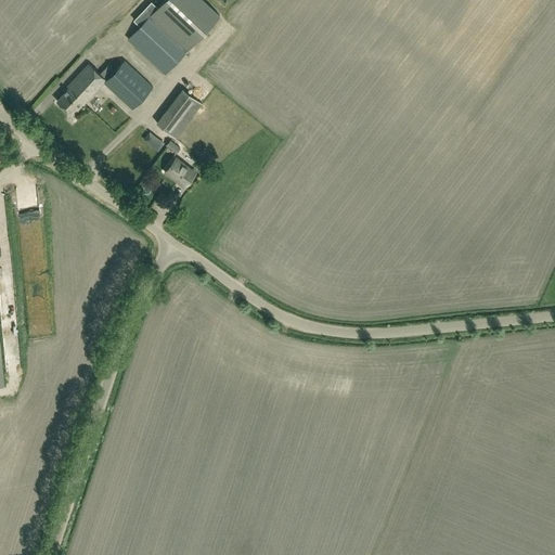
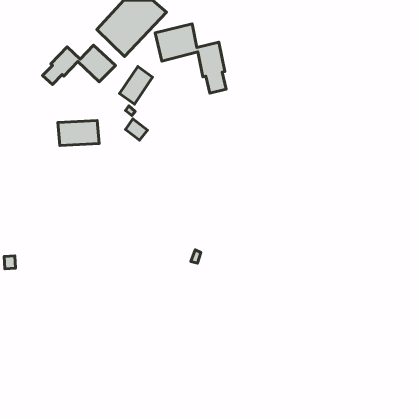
building: none -> [155,24,226,93]
building: none -> [58,120,99,146]

